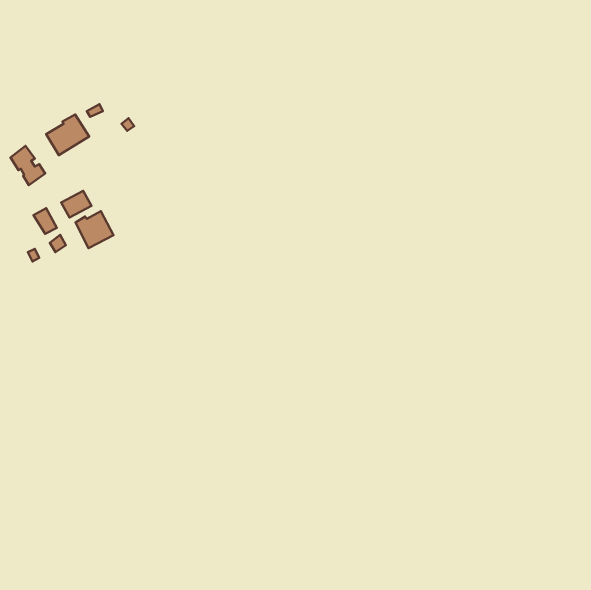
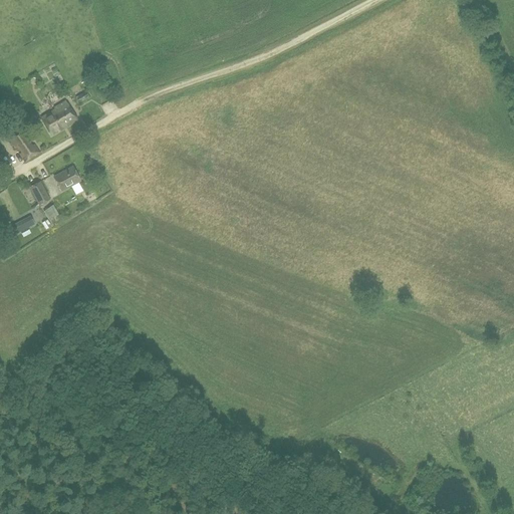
building: [75,211,114,248] -> none

